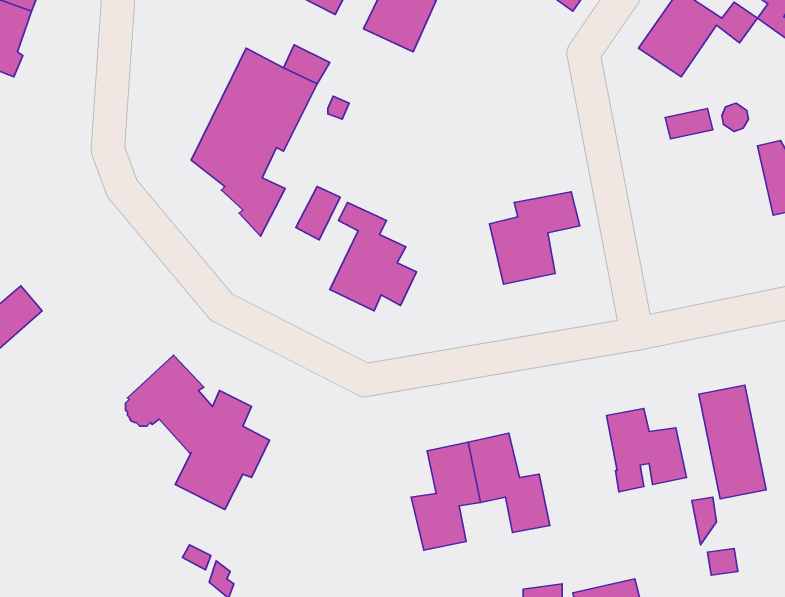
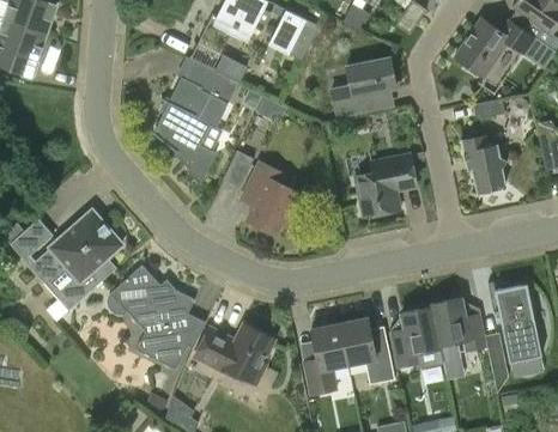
building: none -> [332,57,396,116]
building: none -> [461,135,505,191]
building: none -> [35,211,122,310]
building: none -> [389,305,441,369]
building: none -> [194,324,273,384]

